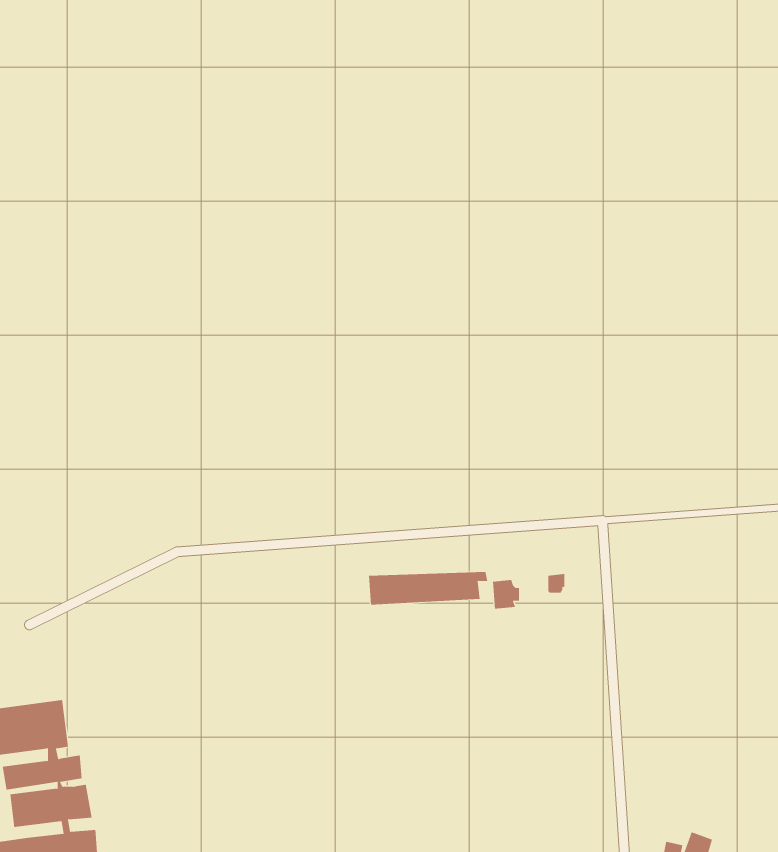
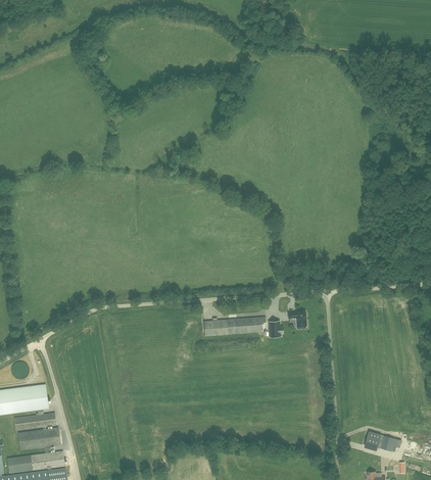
building: none -> [364,432,397,451]

